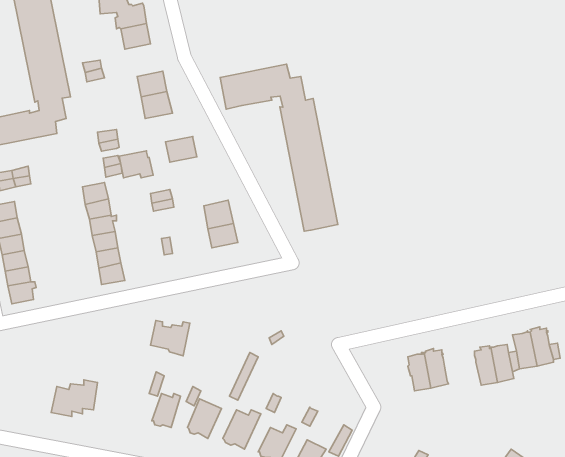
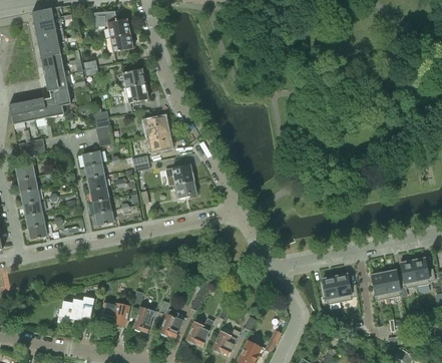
building: [220,64,338,231] -> none
building: [119,151,153,178] -> [146,131,171,151]
building: [150,321,190,356] -> [100,300,129,326]

